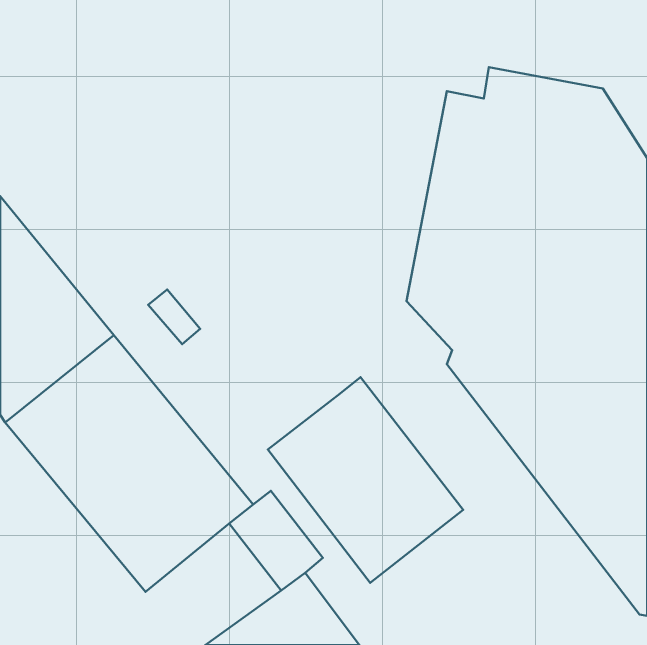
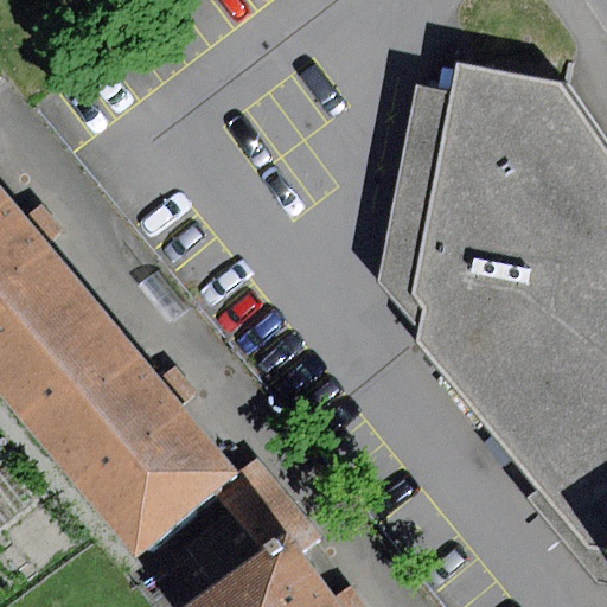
building: [268,377,463,583] -> none

